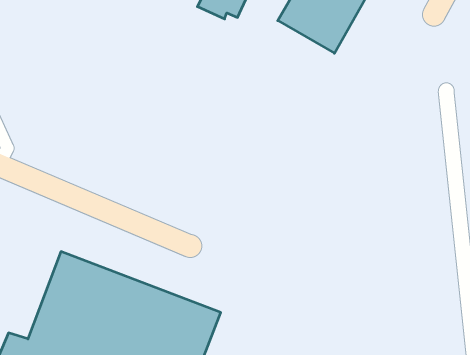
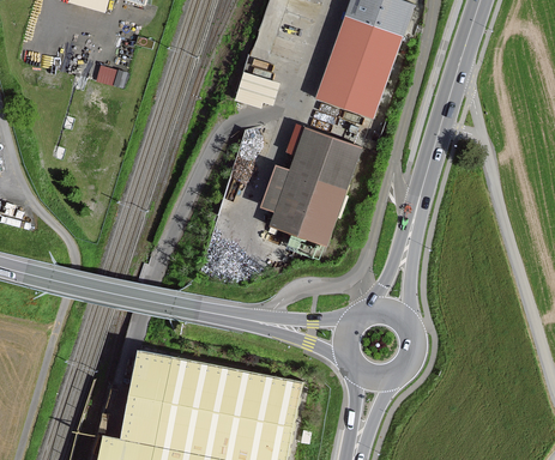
building: none -> [253,133,360,246]

